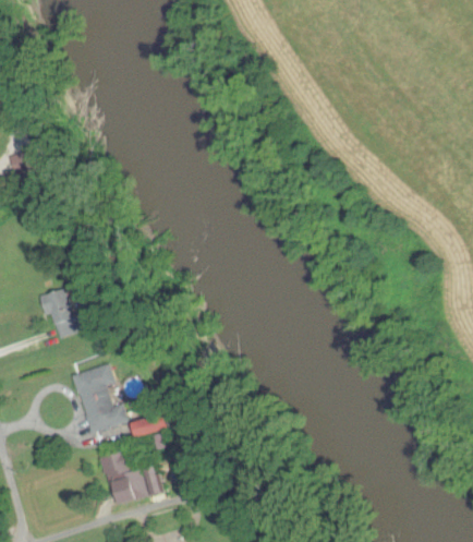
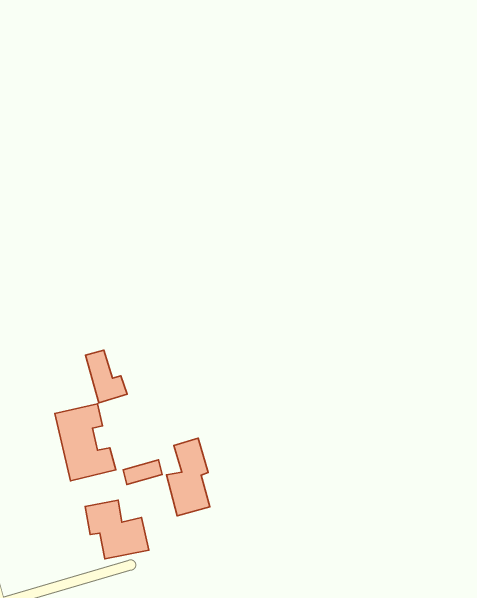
building: [44,291,81,338] -> [86,350,127,403]
building: none -> [167,438,210,516]

